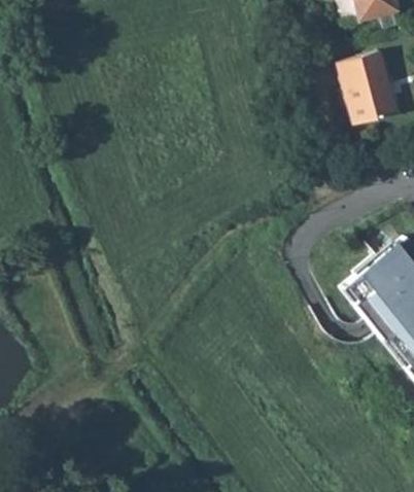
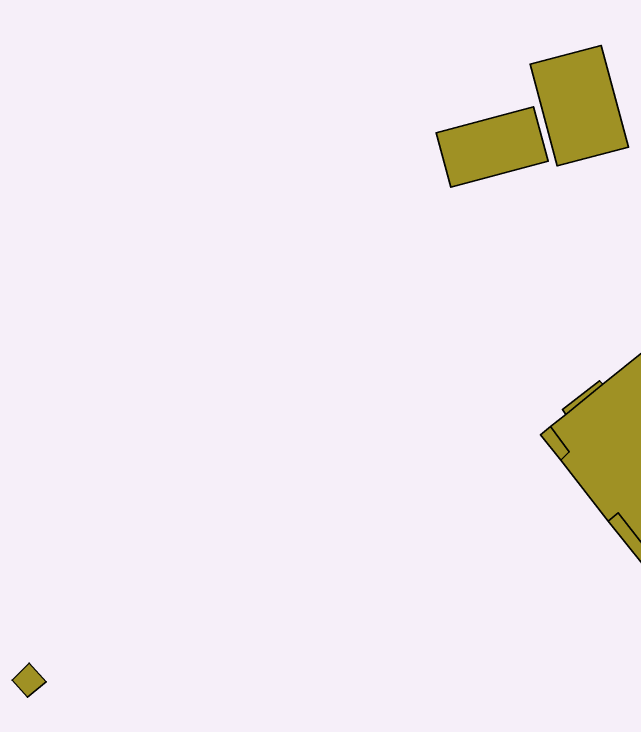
building: none -> [436,107,548,187]

